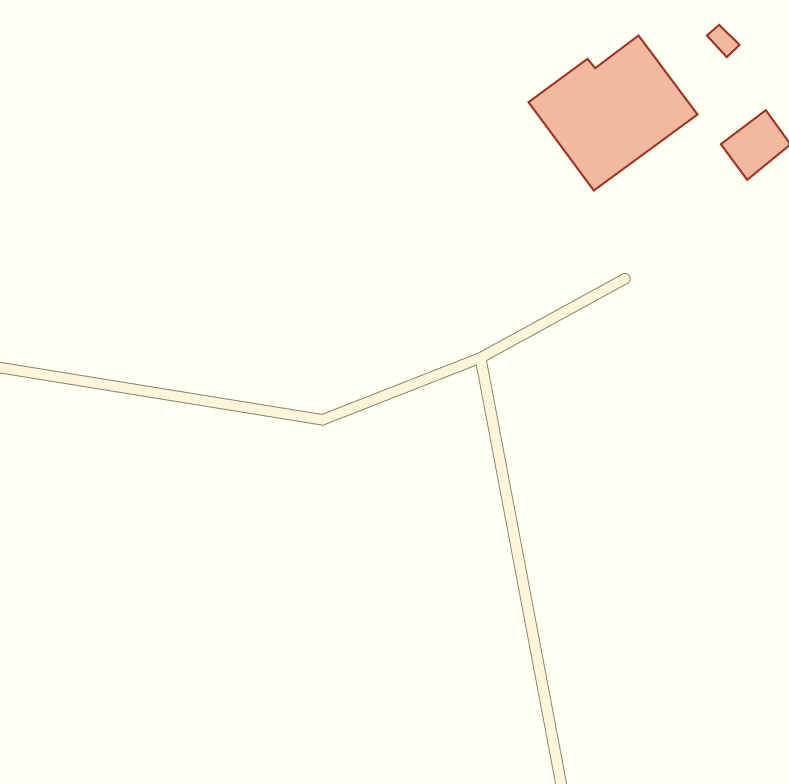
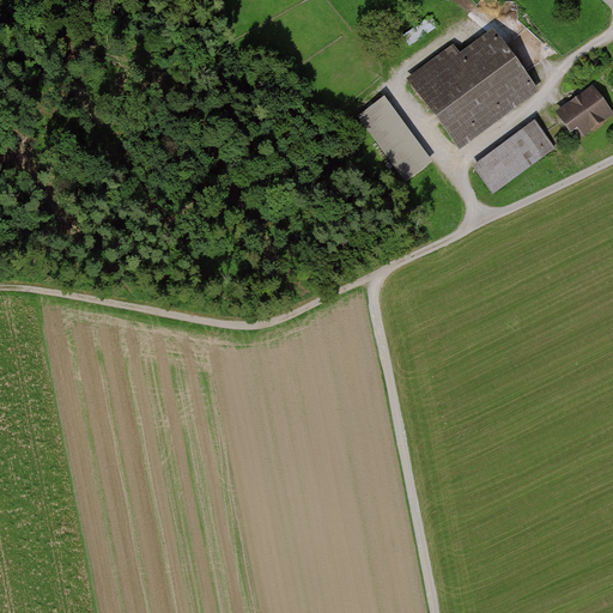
building: none -> [359,97,435,182]
building: none -> [472,120,553,192]

